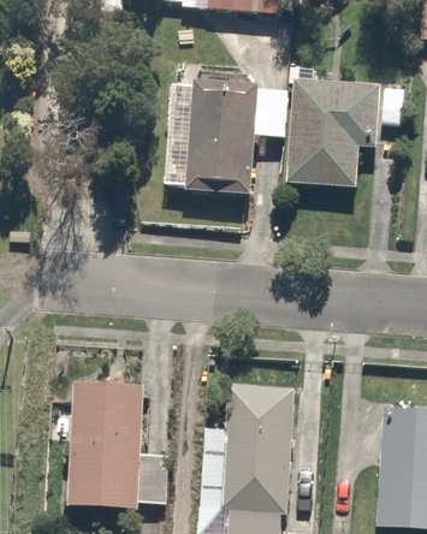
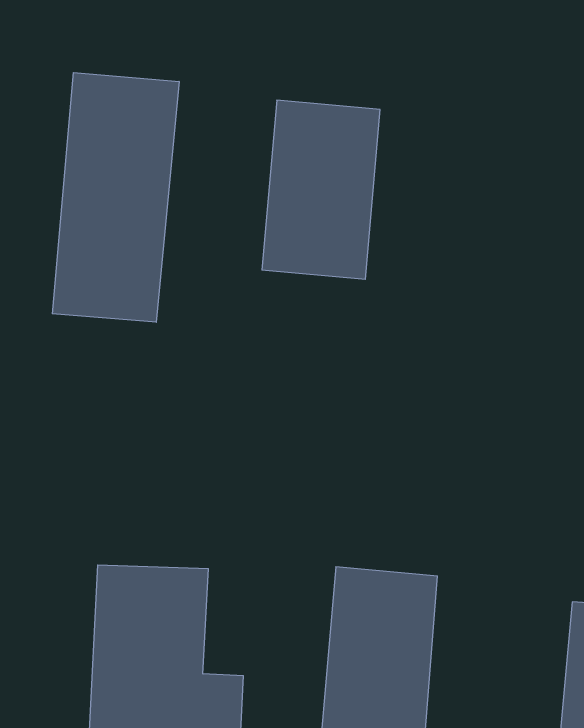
building: none -> [52,73,179,322]
building: [281,75,379,194] -> none

